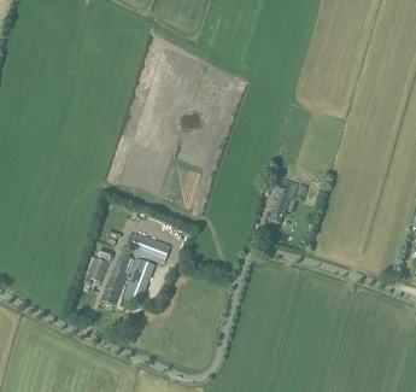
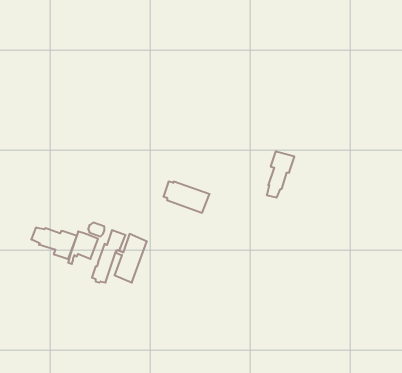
building: [127,232,171,262] -> [163,182,210,213]
building: none -> [31,227,77,259]

